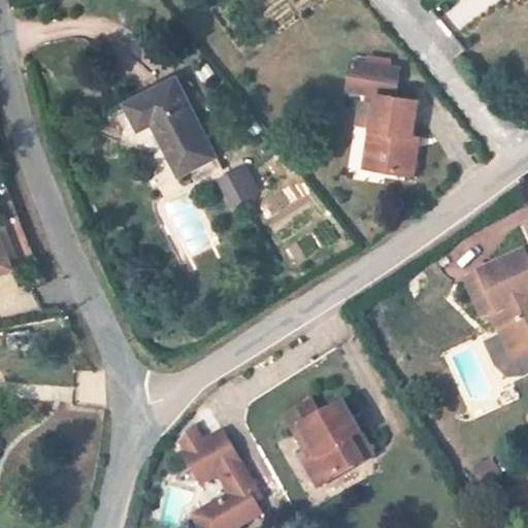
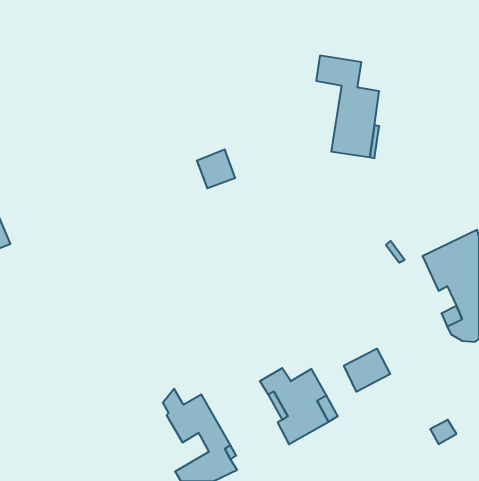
building: [124,77,213,174] -> none
building: none -> [344,349,390,392]

